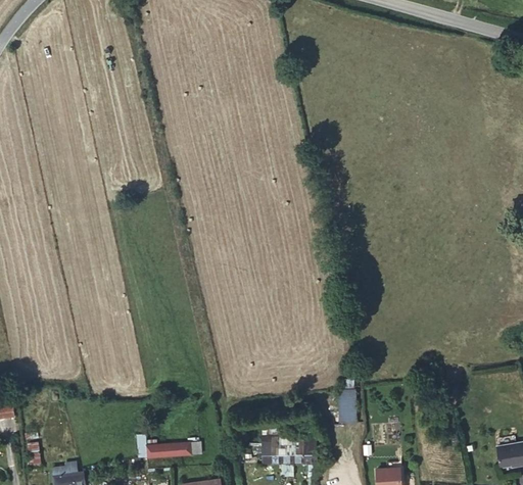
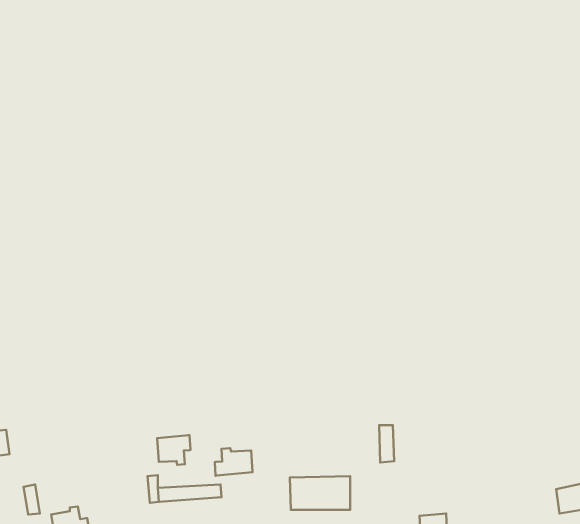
building: none -> [157,435,190,465]
building: none -> [215,448,253,476]

